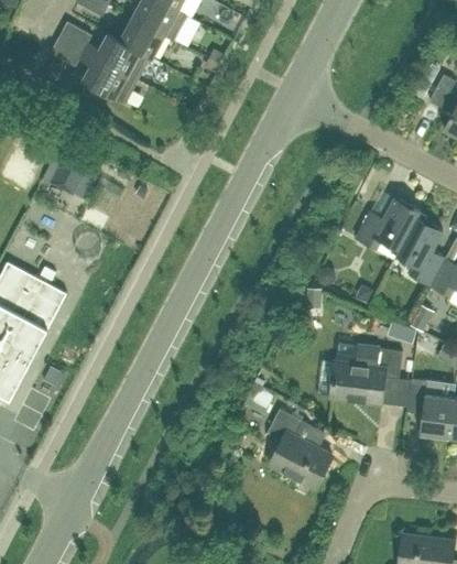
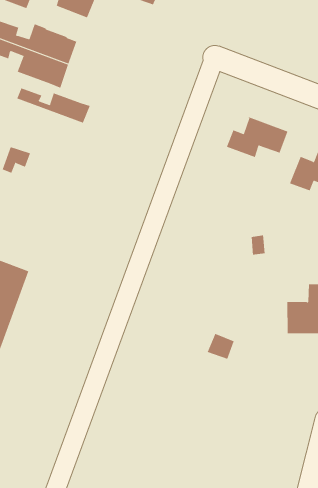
building: [120,15,165,57] -> none
building: none -> [17,87,91,123]
building: none -> [226,114,288,158]
building: [266,408,331,487] -> none

